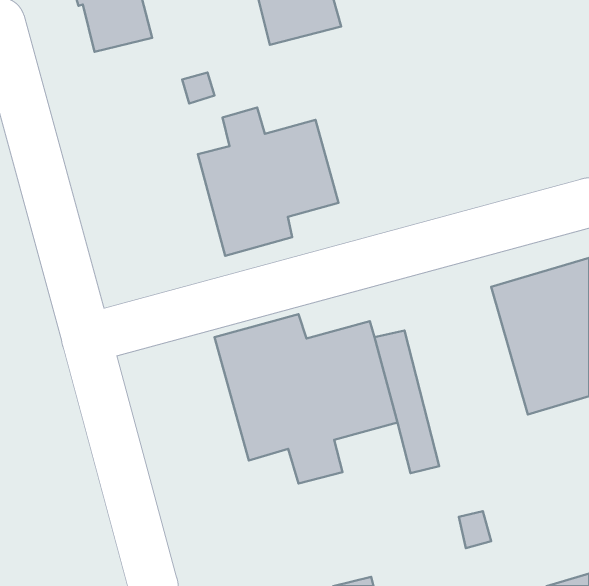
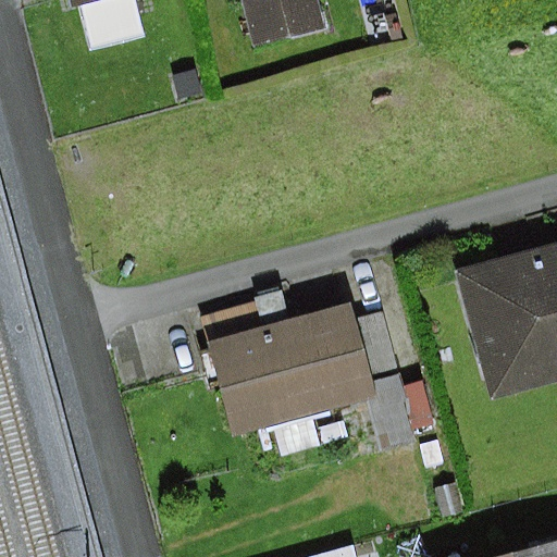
building: [198,108,338,256] -> none

